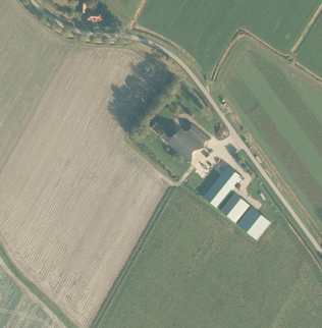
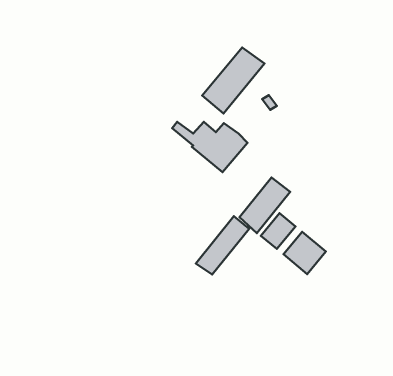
building: none -> [202,47,265,113]
building: none -> [196,216,249,275]

